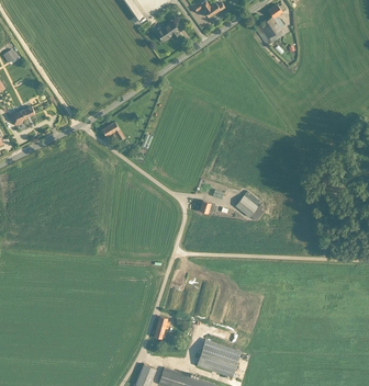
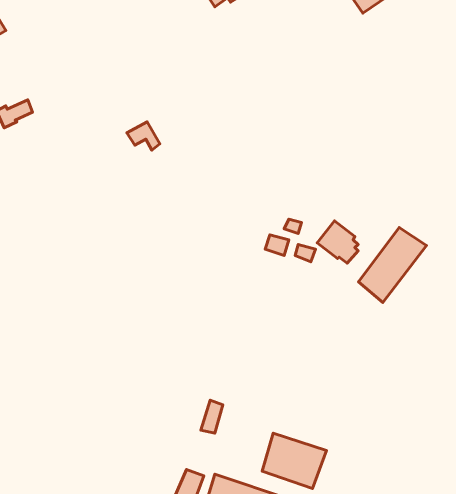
building: none -> [358,227,427,302]

